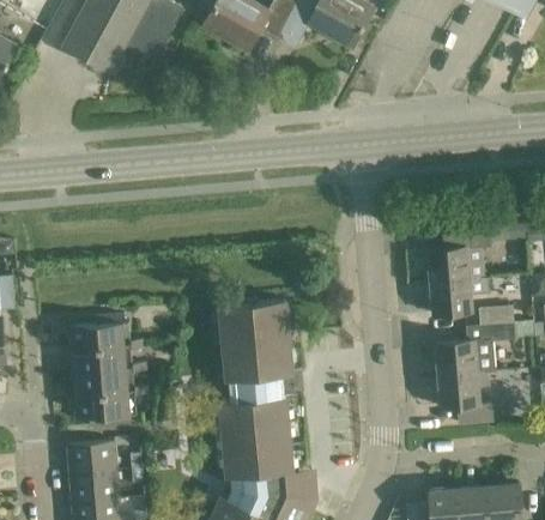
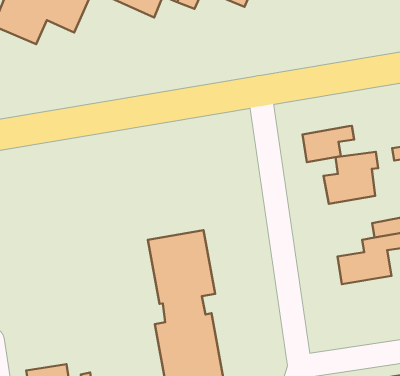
building: [430,277,489,314] -> [302,126,354,162]
building: [67,312,149,427] -> none
building: [437,370,495,423] -> none

